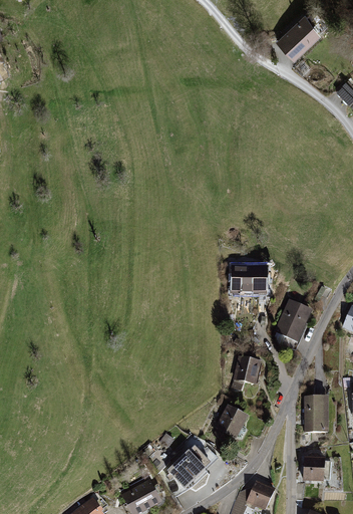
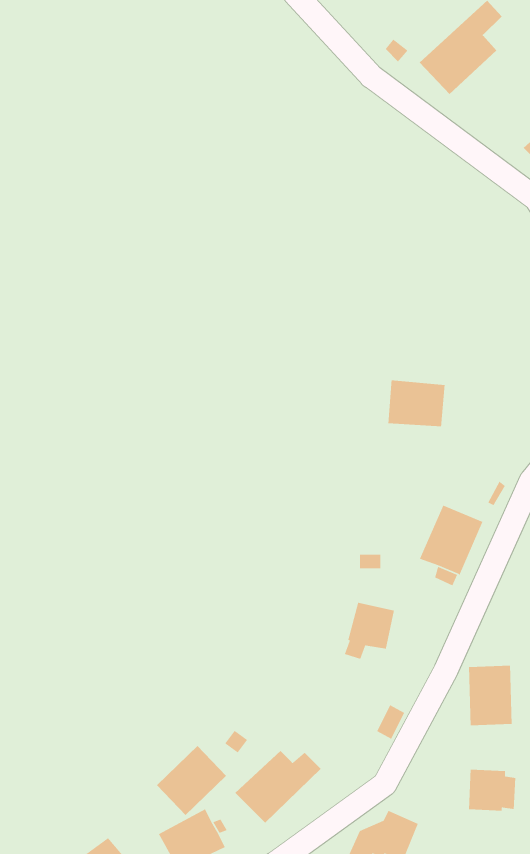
building: [233,266,267,294] -> [387,380,445,427]
building: [213,405,249,440] -> none
building: none -> [156,745,227,816]

